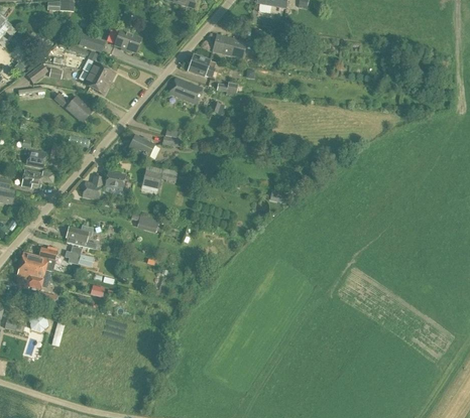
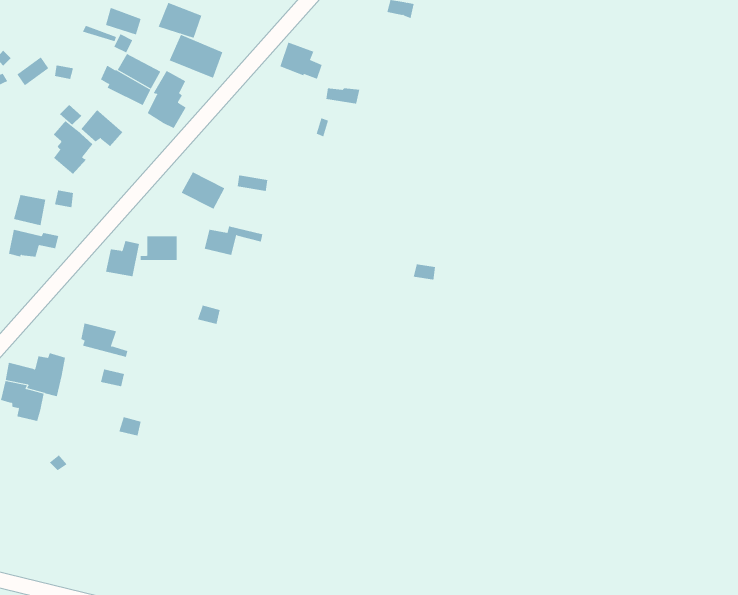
building: [211,34,245,58] -> none
building: none -> [147,70,186,129]
building: [167,77,201,104] -> [169,34,223,79]
building: none -> [53,120,93,175]

